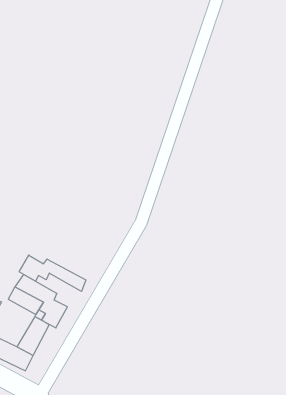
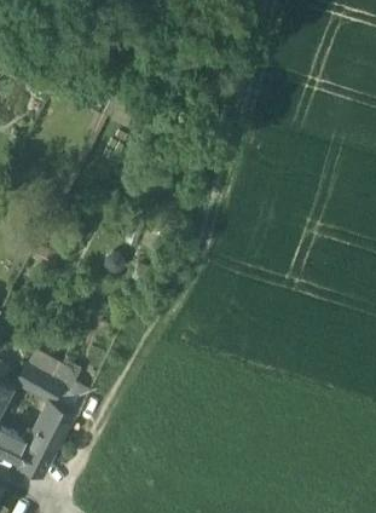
building: [19,255,86,291] -> none

